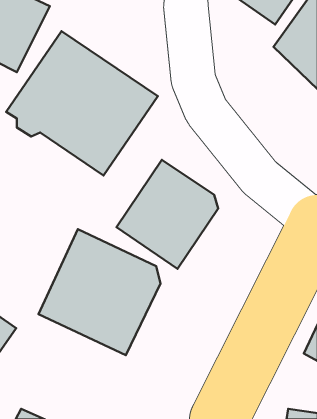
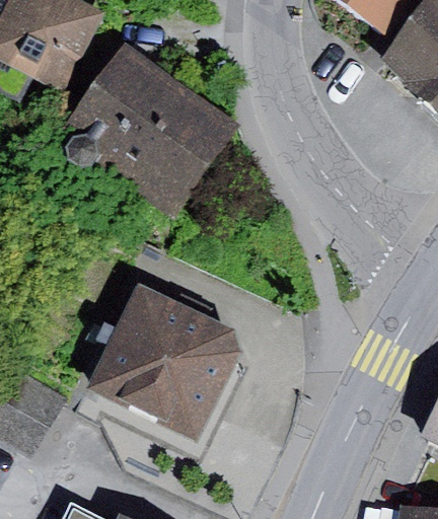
building: [116,160,218,269] -> none

